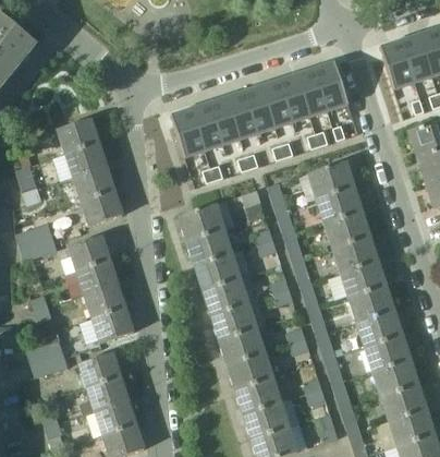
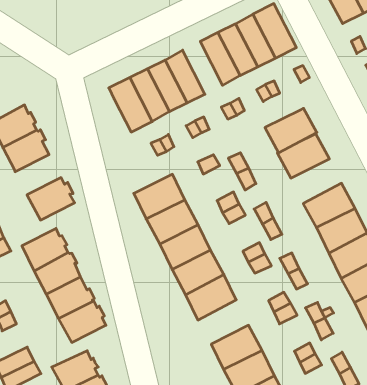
building: [244,84,276,133] -> none
building: [73,166,117,200] -> none
building: [325,211,370,248] -> none
building: [219,326,265,363] -> none

